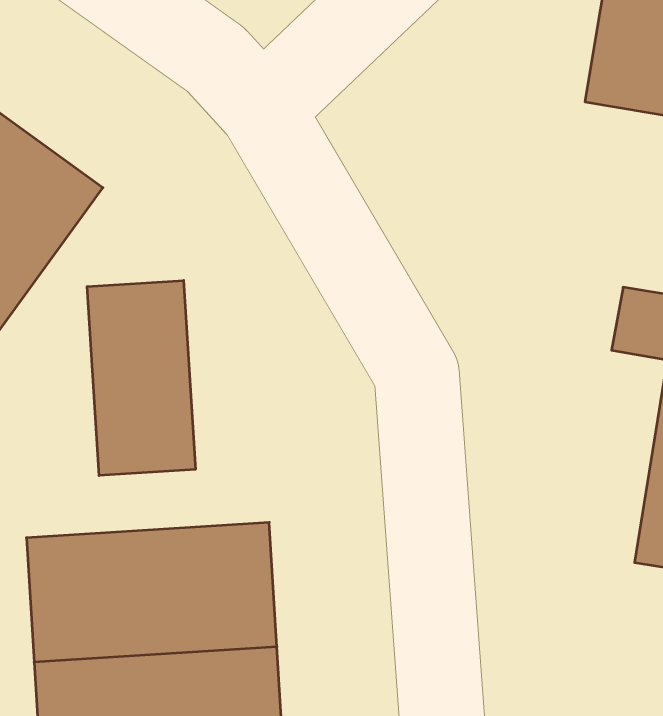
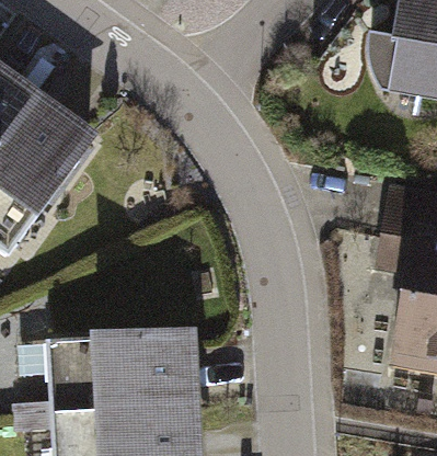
building: [87,280,195,476] -> none

